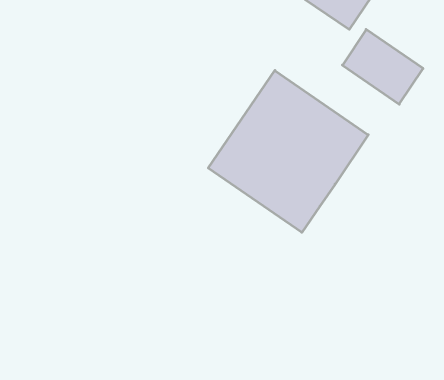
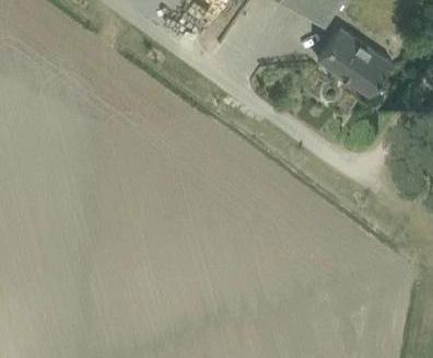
building: [208,70,368,232] -> none

